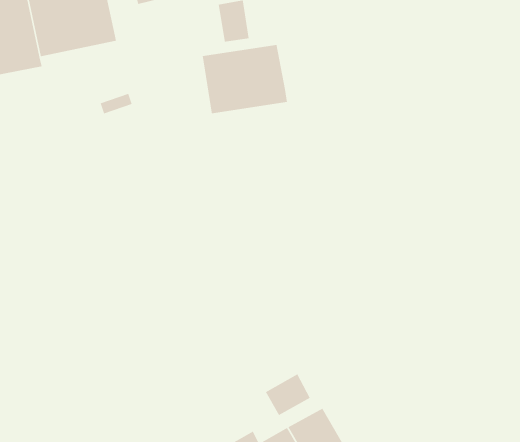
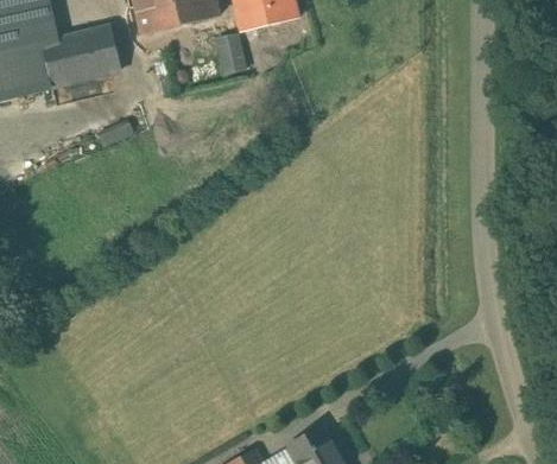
building: [202,44,288,114] -> none
building: [265,374,311,416] -> none

